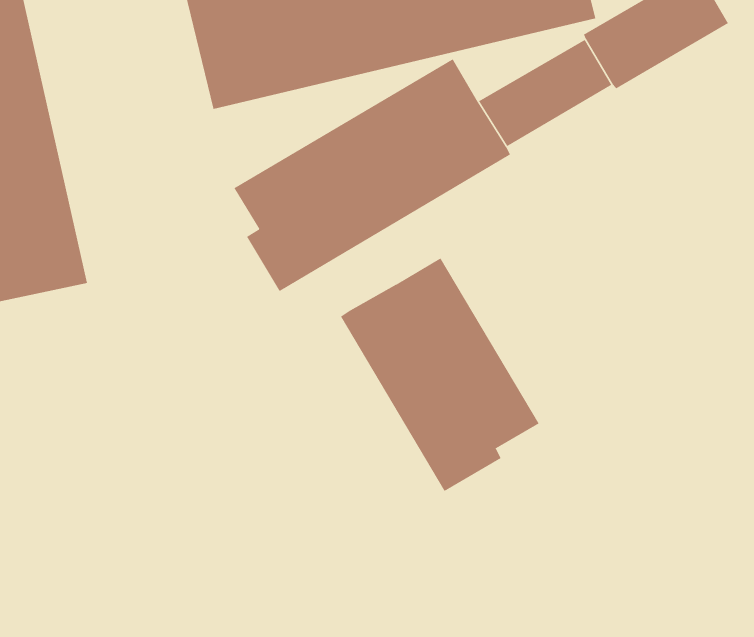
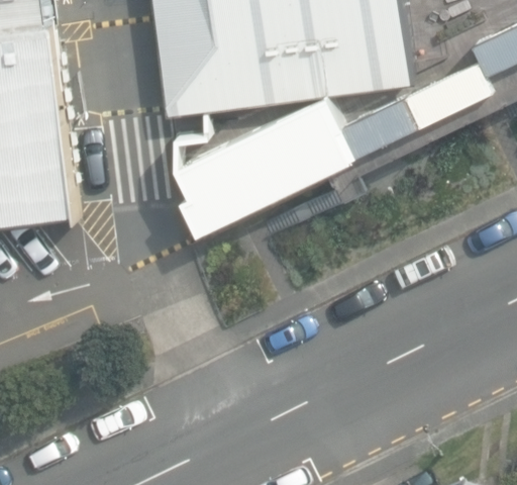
building: [340,257,540,492] -> none

